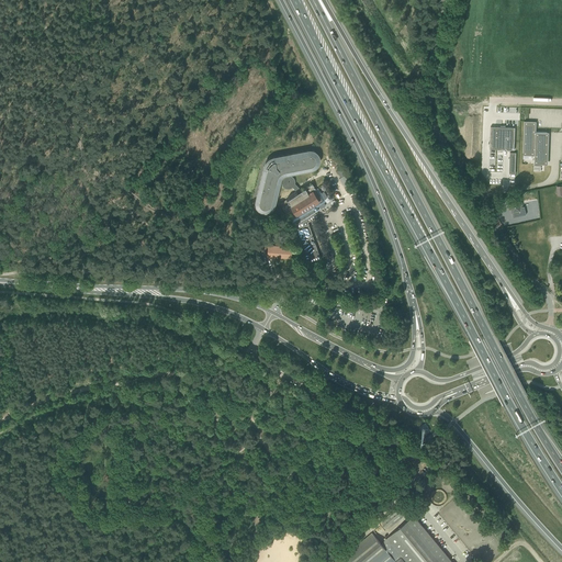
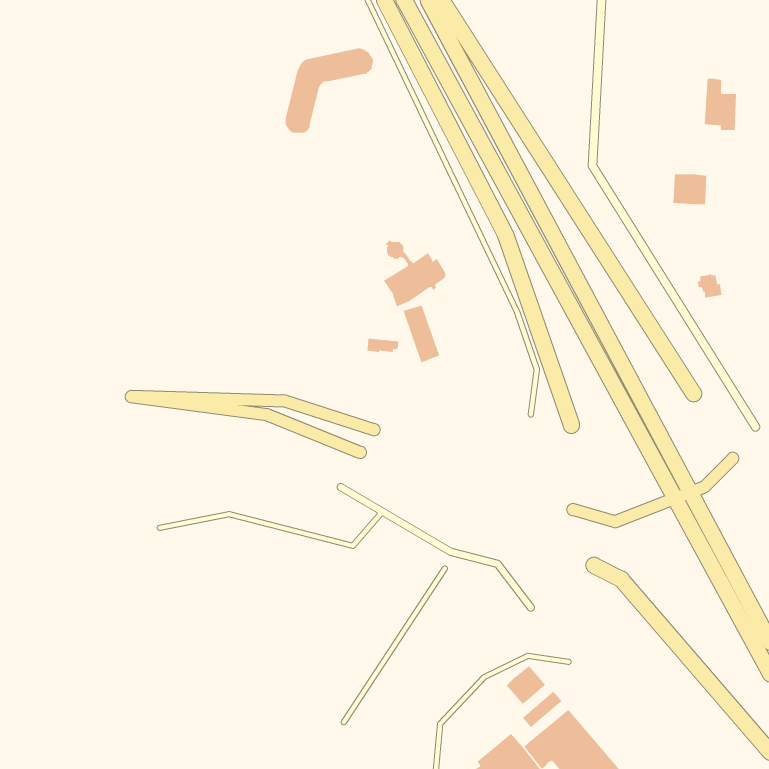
building: [524,122,548,160] -> [704,78,737,131]
building: [256,150,321,213] -> [285,48,374,134]
building: none -> [506,665,546,705]

